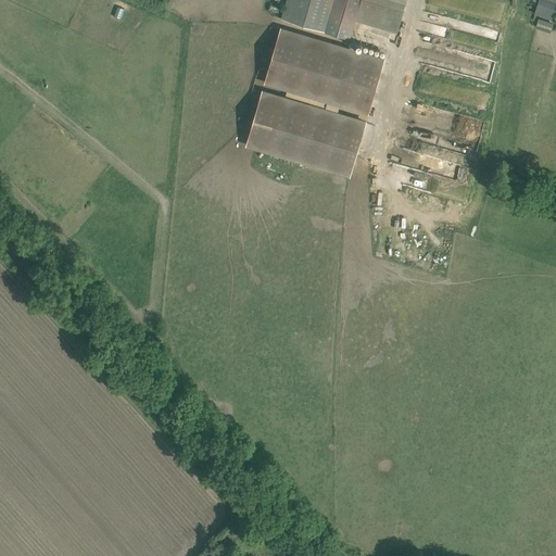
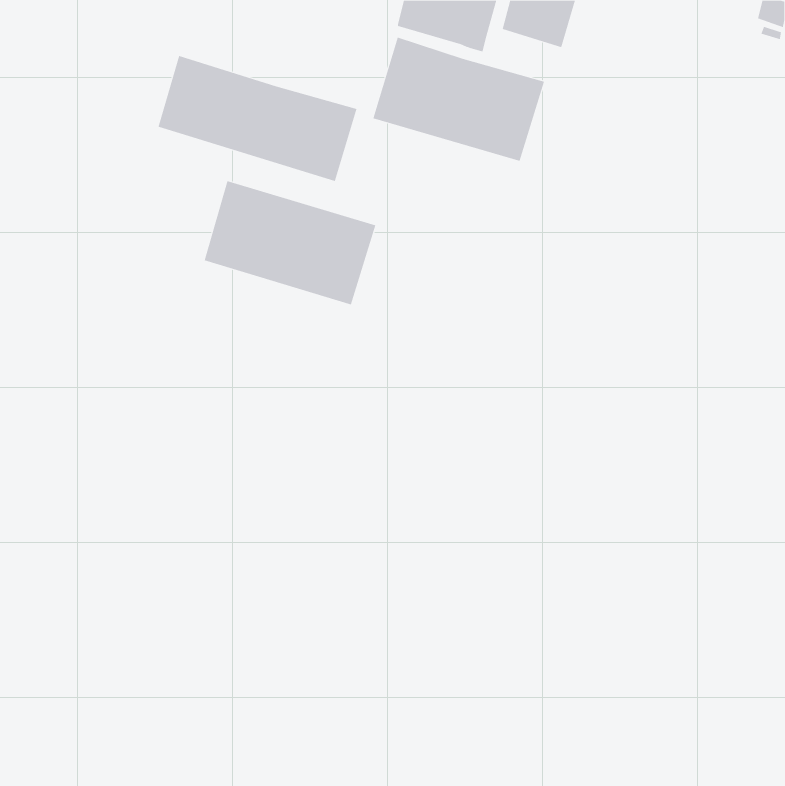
building: none -> [158,55,357,182]
building: [244,89,366,177] -> [204,181,376,305]

